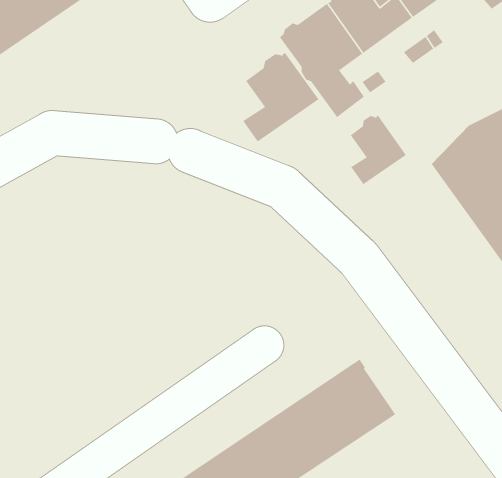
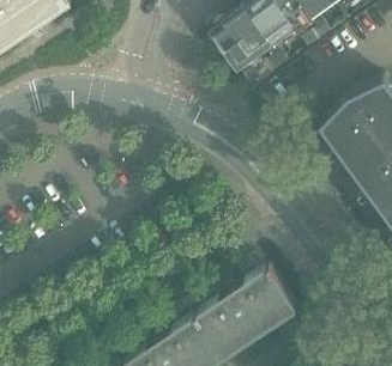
building: [242,52,319,143] -> none
building: [350,115,407,185] -> none

